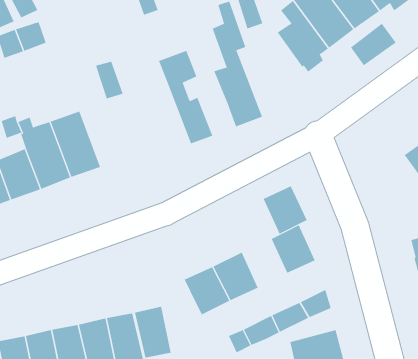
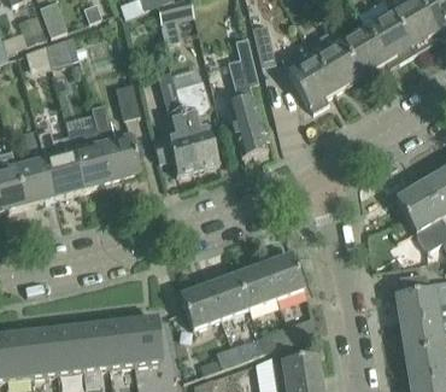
building: [350,23,396,66] -> none
building: none -> [153,70,198,174]
building: none -> [93,107,141,181]
building: [263,186,307,235] -> [236,263,276,308]

